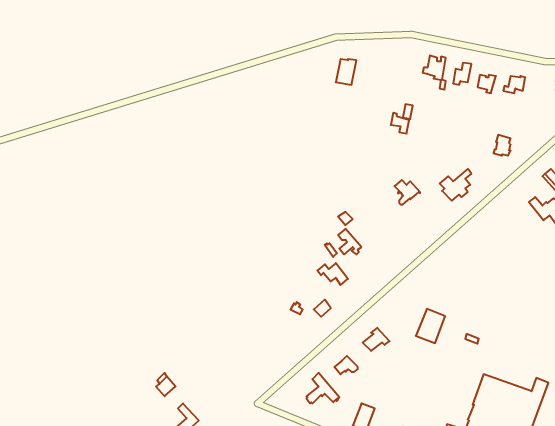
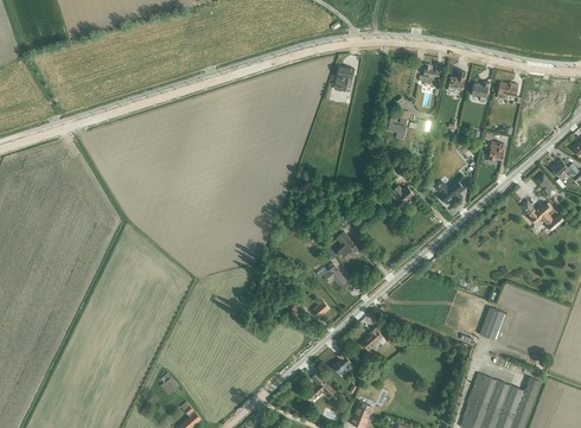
building: [416,309,445,343] -> [478,307,506,340]

